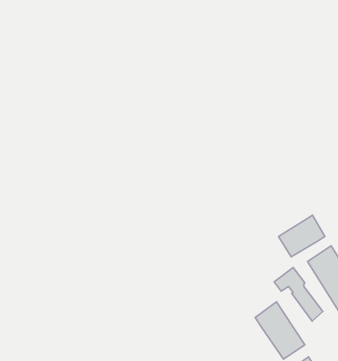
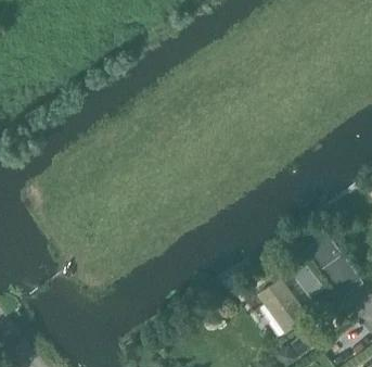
building: [279,215,325,257] -> none

